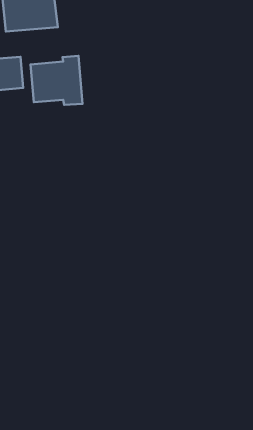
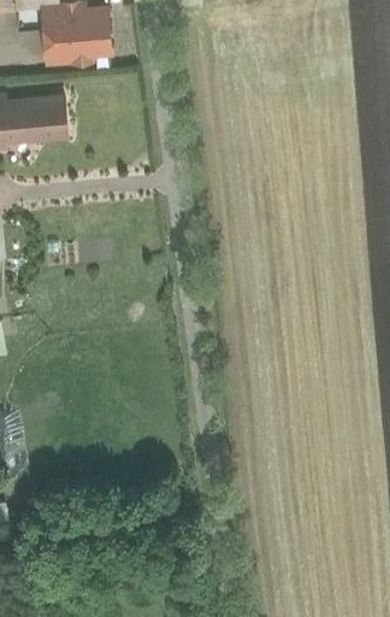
building: [30,56,83,105] -> none

